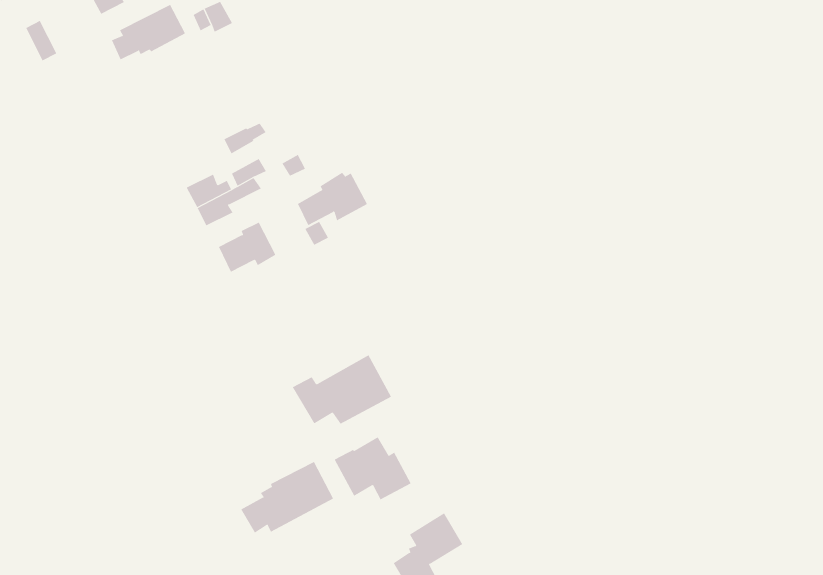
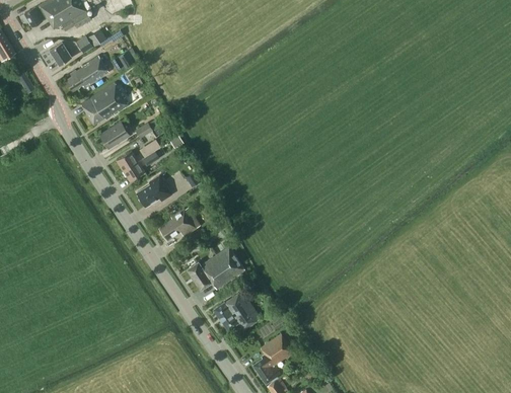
building: none -> [81,82,130,123]
building: none -> [99,121,133,148]
building: [297,172,368,226] -> [159,207,200,239]
building: [240,461,334,533] -> none

